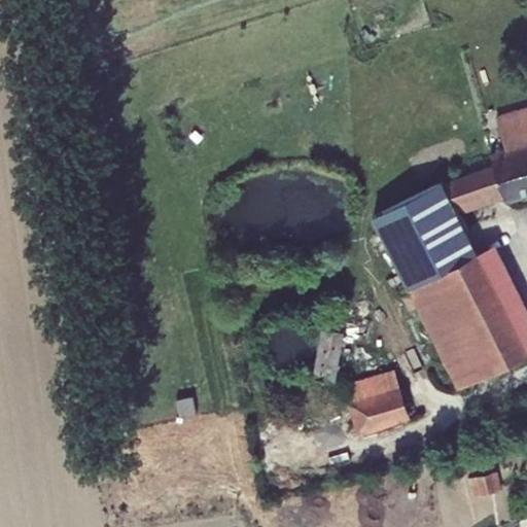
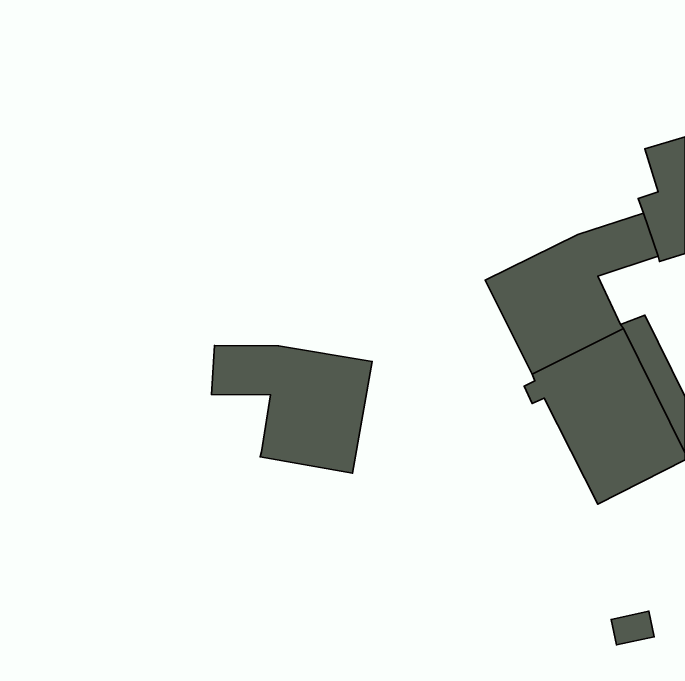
building: none -> [212,346,372,473]
building: [314,325,346,382] -> none
building: [343,374,411,437] -> none

